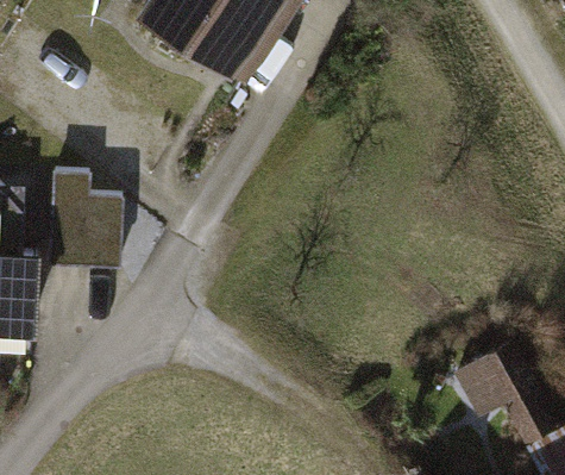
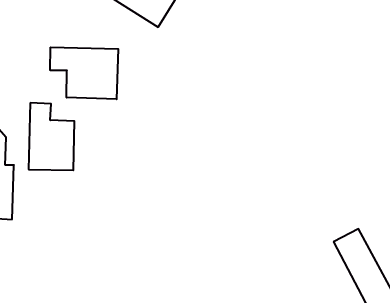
building: none -> [50,47,118,99]

